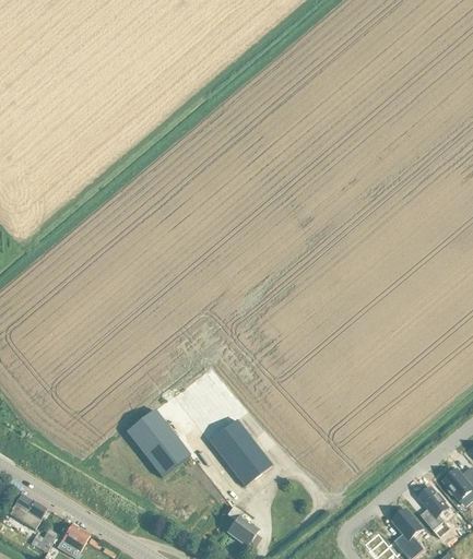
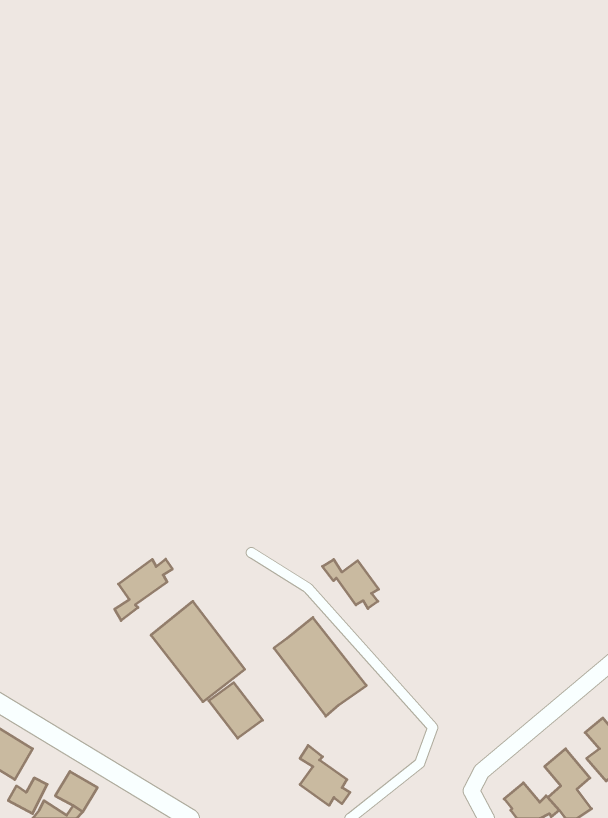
building: none -> [115,559,172,621]
building: none -> [322,559,379,609]
building: none -> [209,683,263,738]

